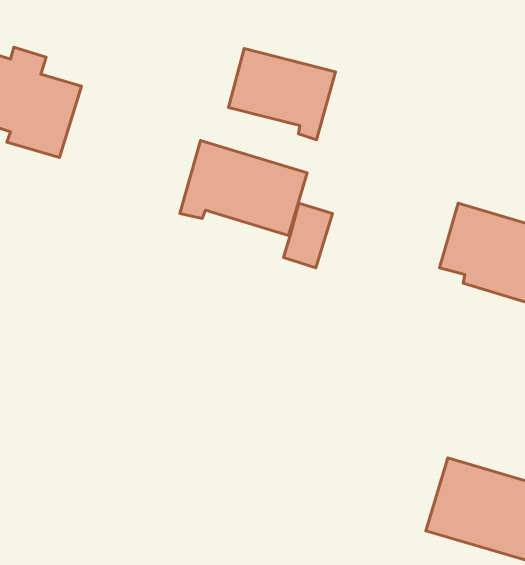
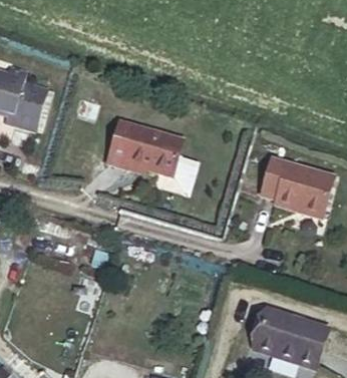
building: [229,48,336,140] -> none

